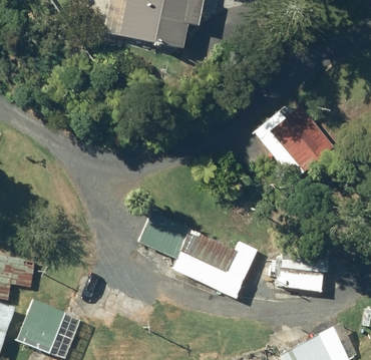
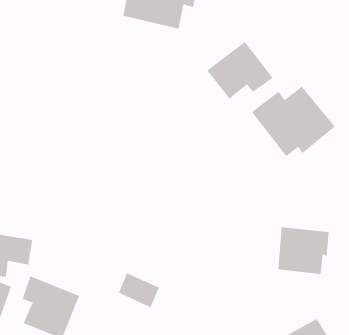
building: none -> [207,41,273,100]
building: [138,213,189,260] -> none
building: [189,237,257,281] -> none

